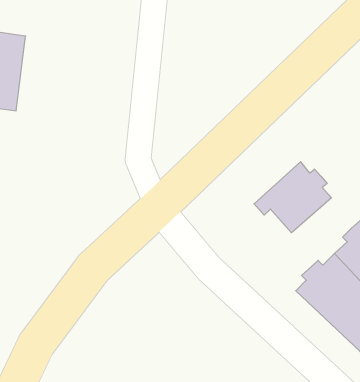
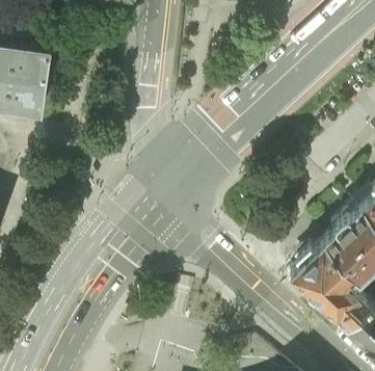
building: [254,162,331,233] -> none

